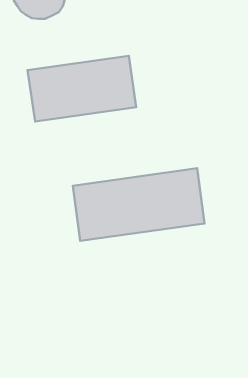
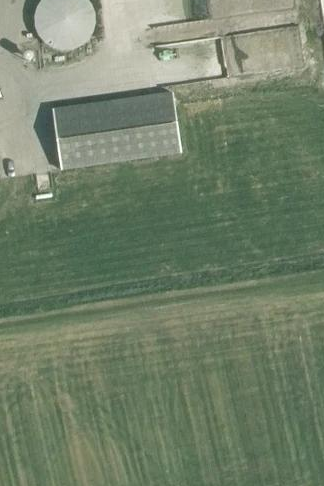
building: [73,168,204,241] -> none

